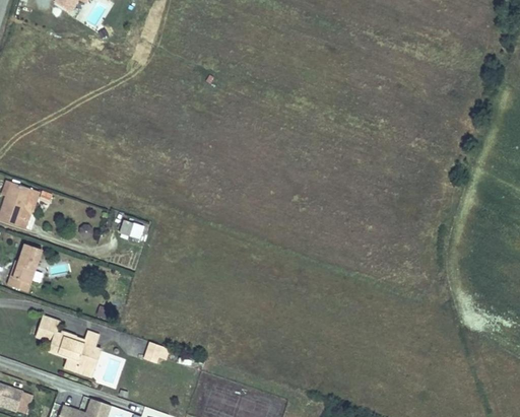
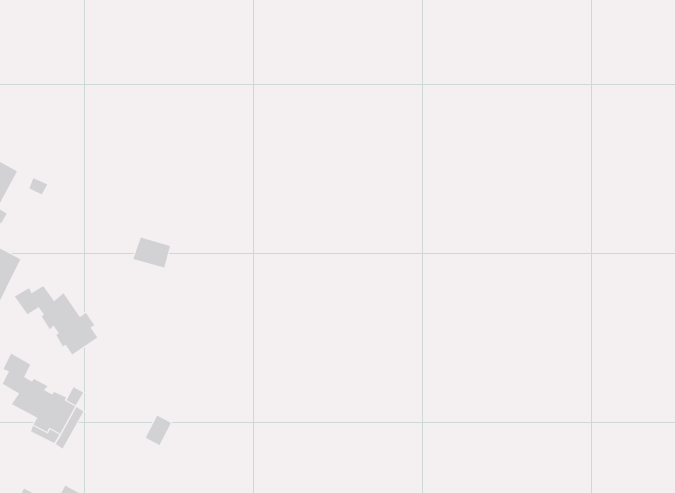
building: none -> [14,285,98,356]

